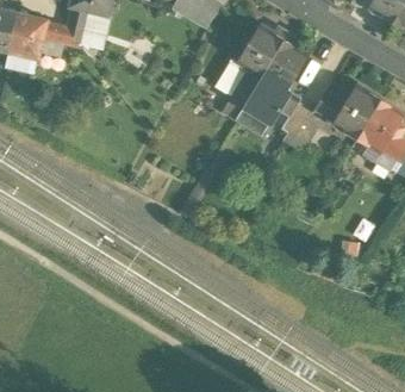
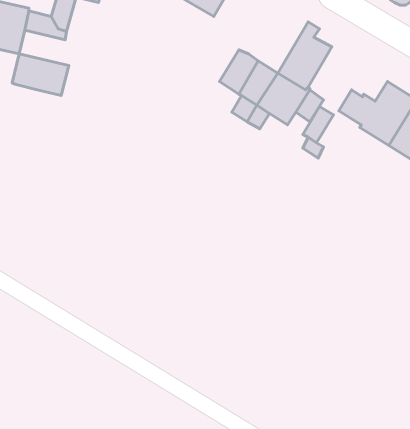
building: [237,25,288,77] -> none
building: none -> [12,54,69,95]

